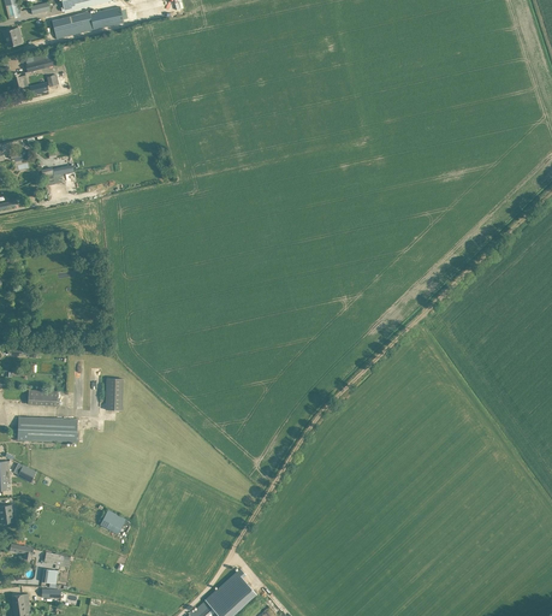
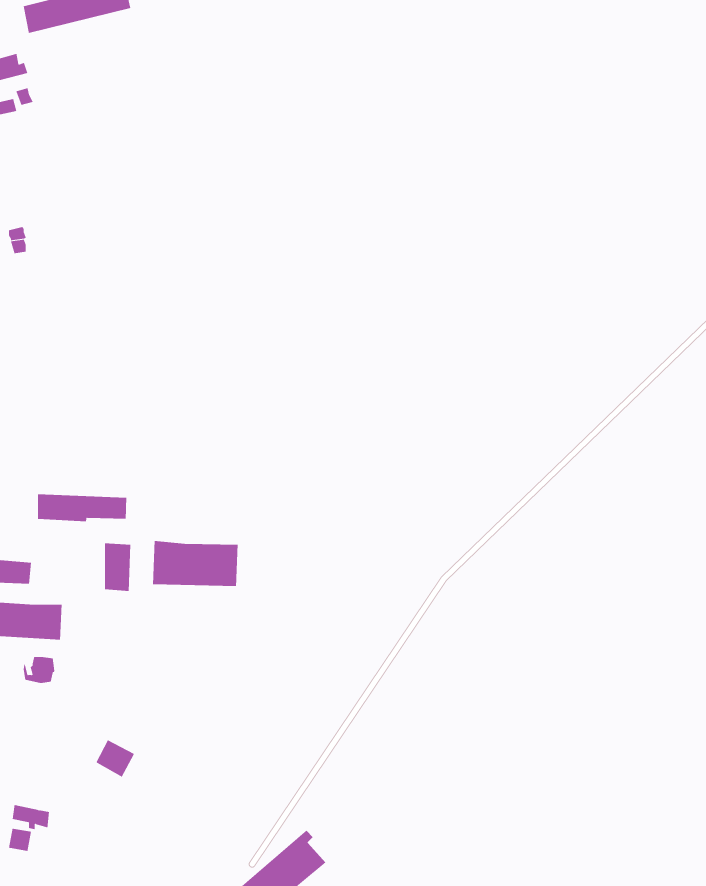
building: none -> [37,494,127,522]
building: none -> [152,540,238,587]

